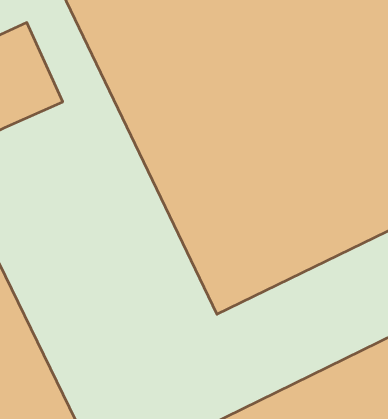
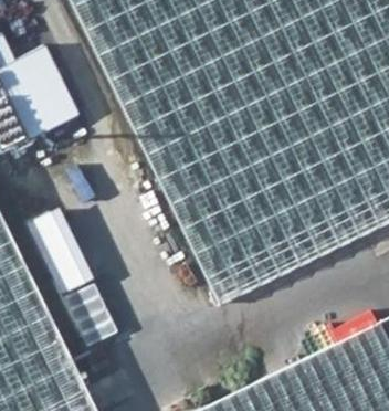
building: none -> [31,205,120,346]

